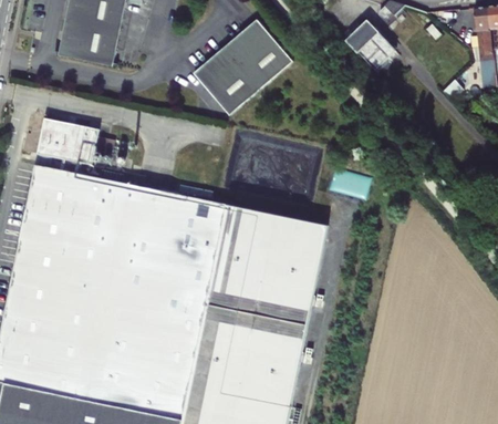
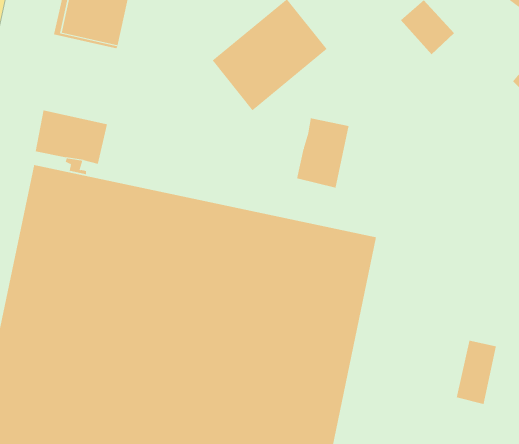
building: none -> [297,117,349,188]
building: none -> [456,340,496,405]

